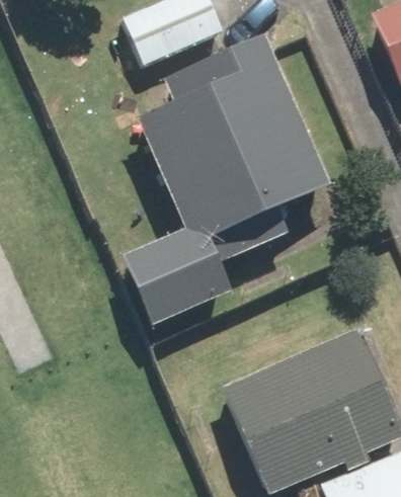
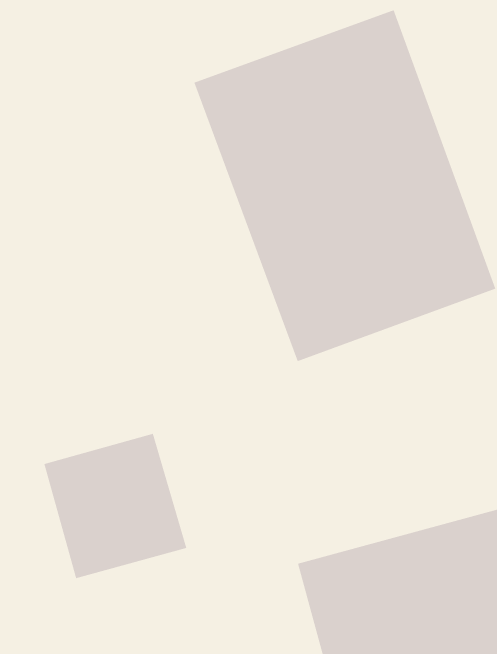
building: [127,231,224,329] -> [43,433,187,579]

